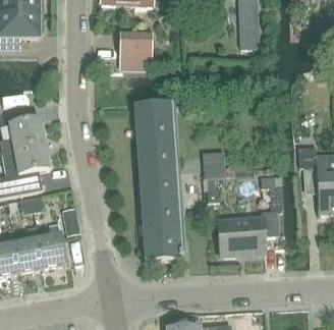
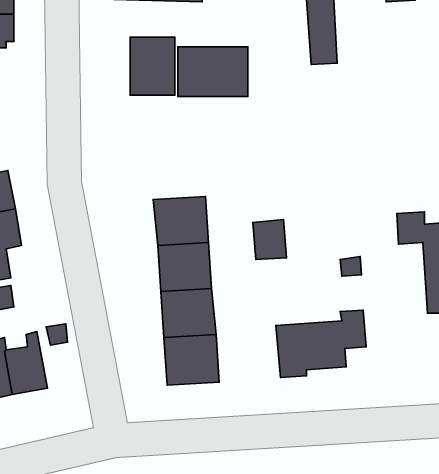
building: none -> [178,47,248,97]
building: [134,104,171,138] -> none

